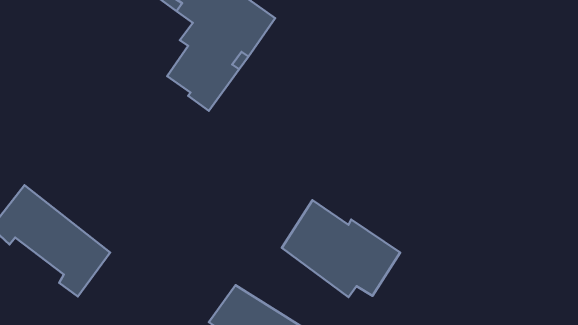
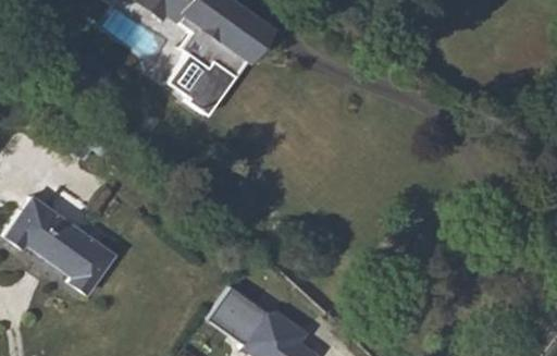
building: [282,200,400,297] -> none

